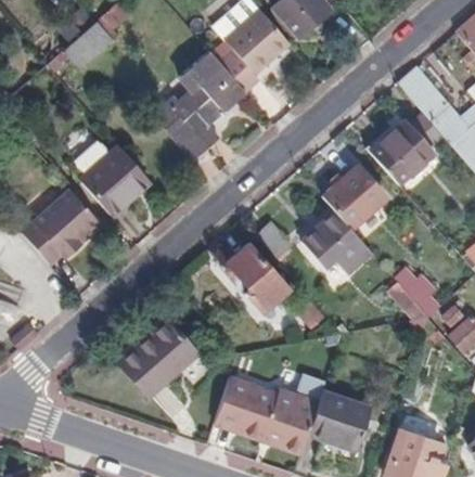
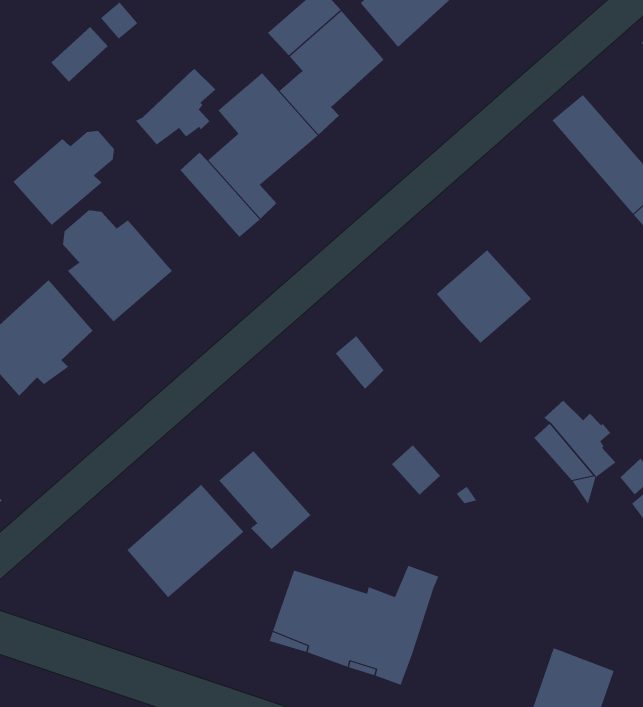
building: none -> [135,68,216,146]
building: none -> [13,130,115,226]
building: [369,120,434,185] -> none
building: [303,212,372,275] -> none
building: [227,242,287,307] -> [219,451,311,550]
building: [307,389,369,449] -> none

